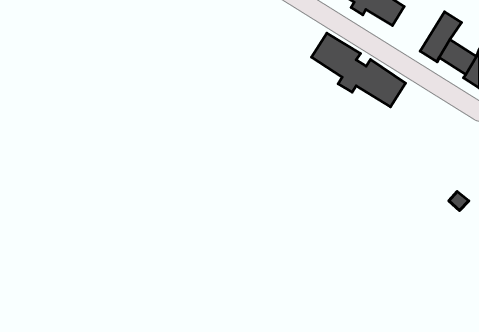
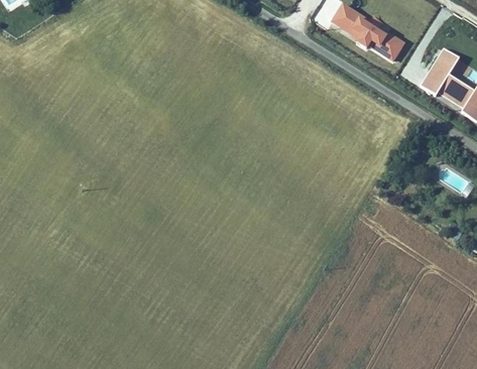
building: [312,33,406,107] -> none

